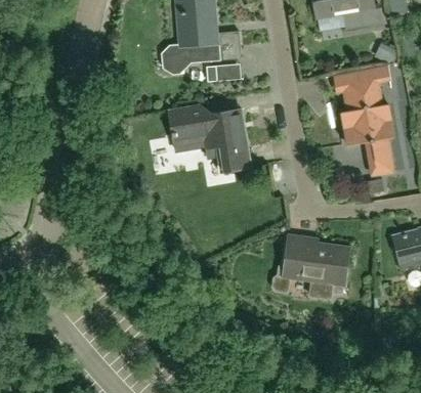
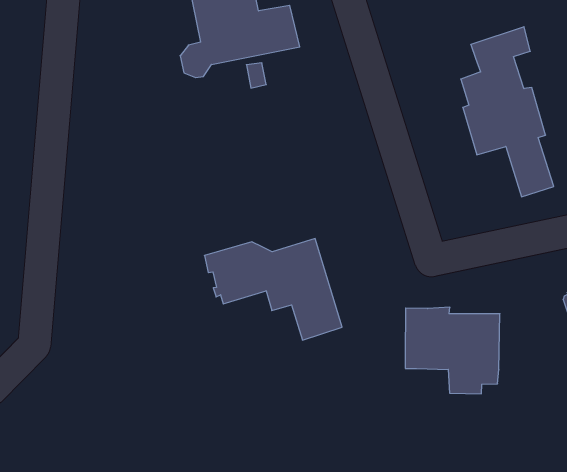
building: [167,104,250,172] -> [204,239,342,340]

